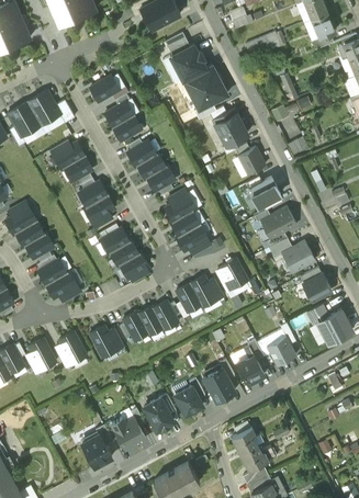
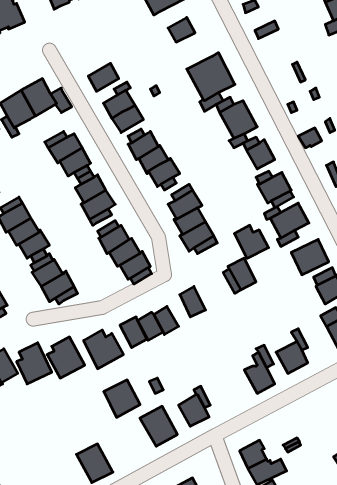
building: [170,45,206,81] -> none
building: [189,276,221,307] -> [234,225,269,258]
building: [198,365,234,404] -> none
building: [113,417,147,452] -> [104,380,140,417]

